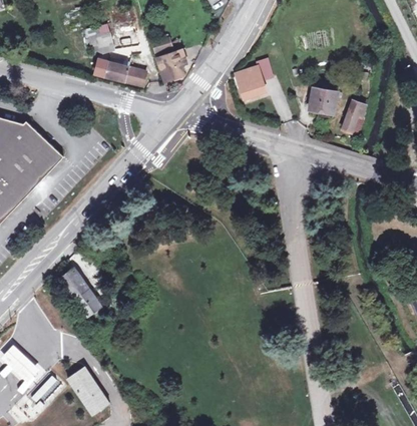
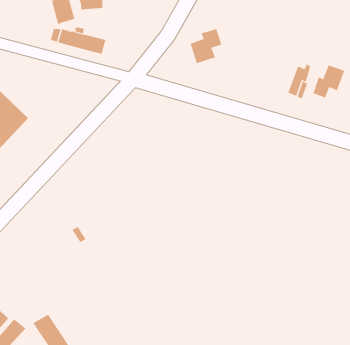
building: [151,38,186,82] -> none
building: [309,80,338,114] -> none
building: none -> [313,64,345,99]
building: [59,267,101,315] -> none

